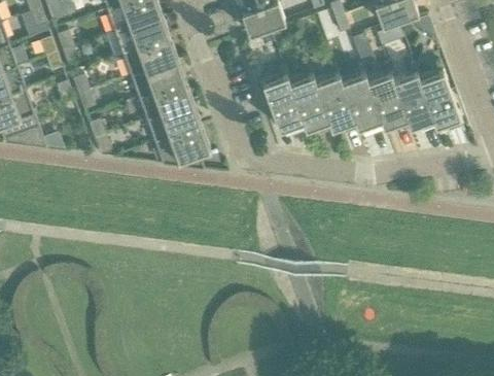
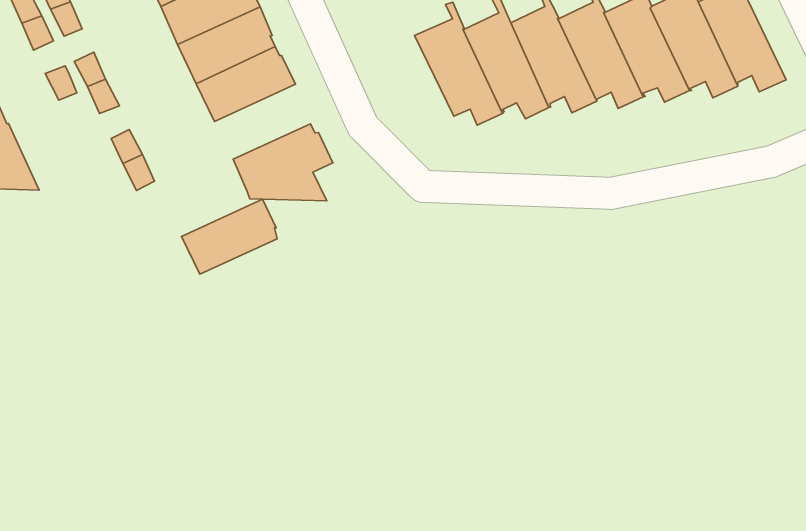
building: [146,101,199,139] -> [182,199,277,274]

